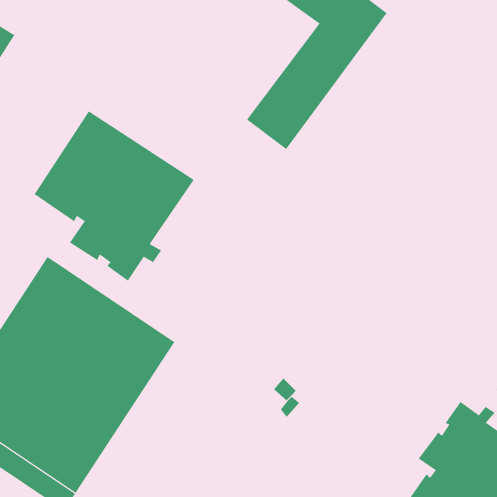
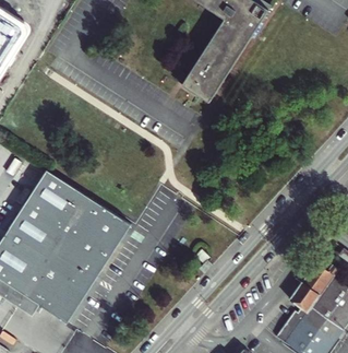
building: [34,110,194,282] -> none

